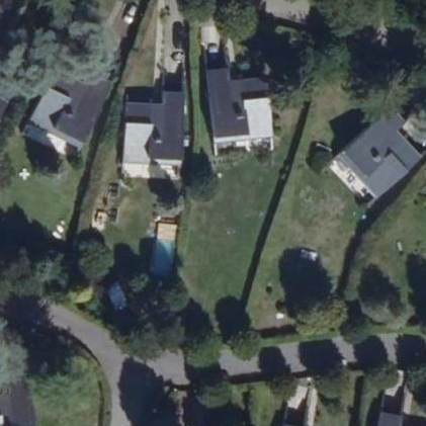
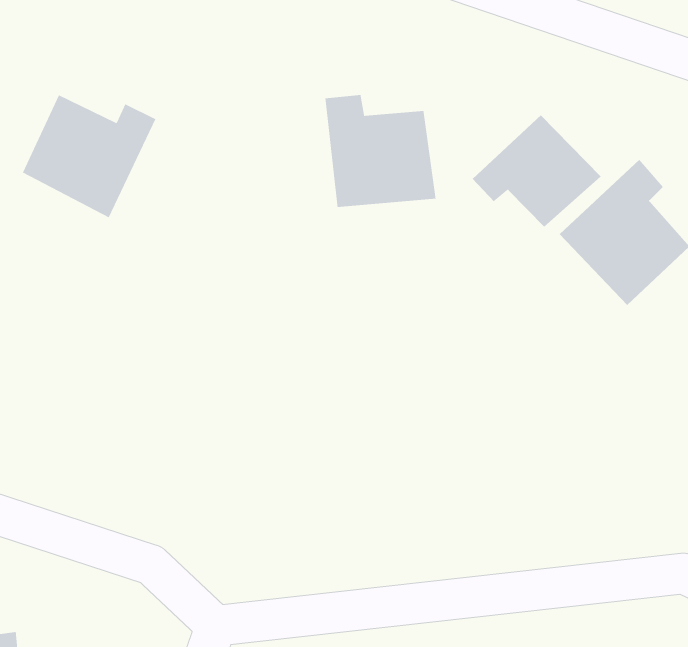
building: none -> [472,114,602,227]
building: [121,96,184,161] -> none

